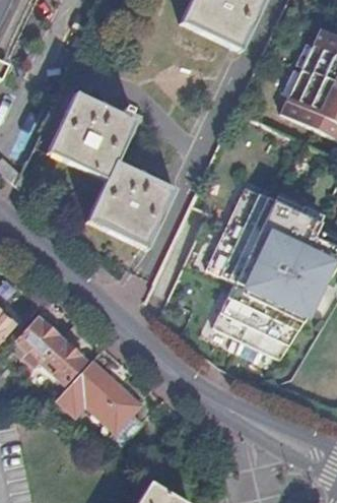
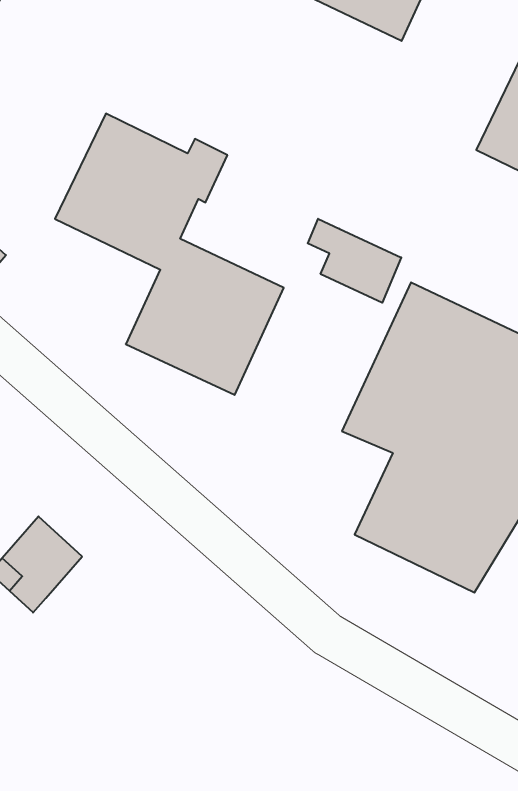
building: none -> [308,219,401,303]
building: [42,338,86,383] -> none
building: [59,362,140,442] -> none

